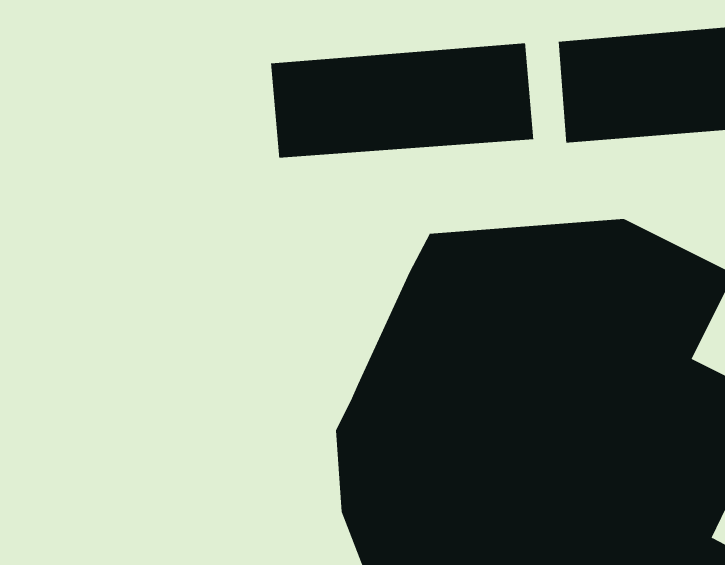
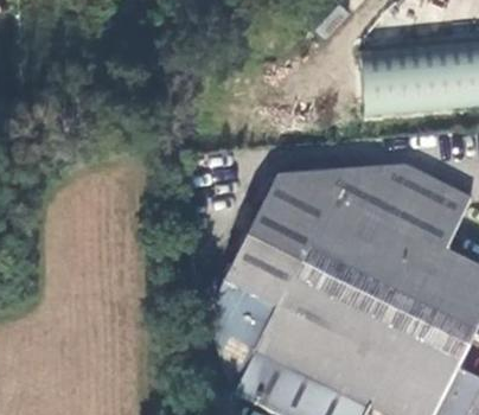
building: [270,42,534,158] -> none

